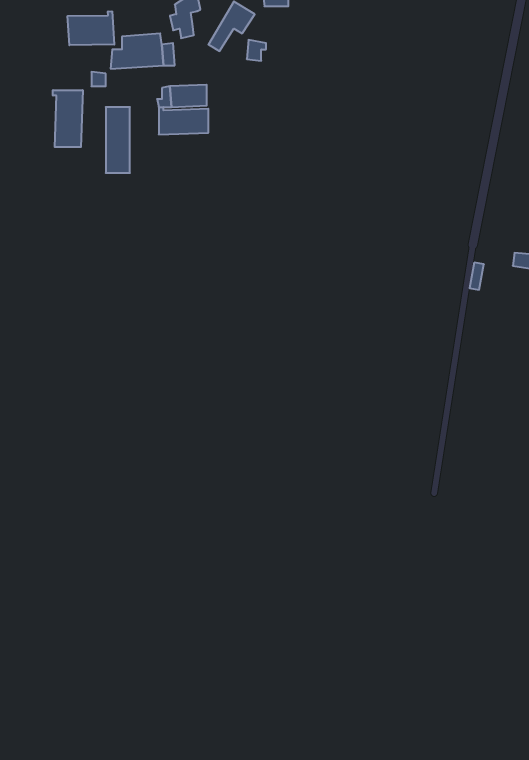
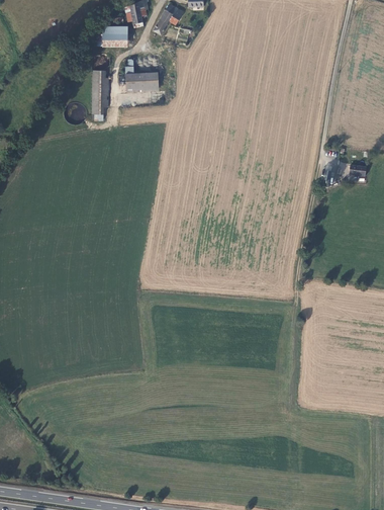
building: [68,11,114,45] -> none
building: [53,90,83,147] -> none

